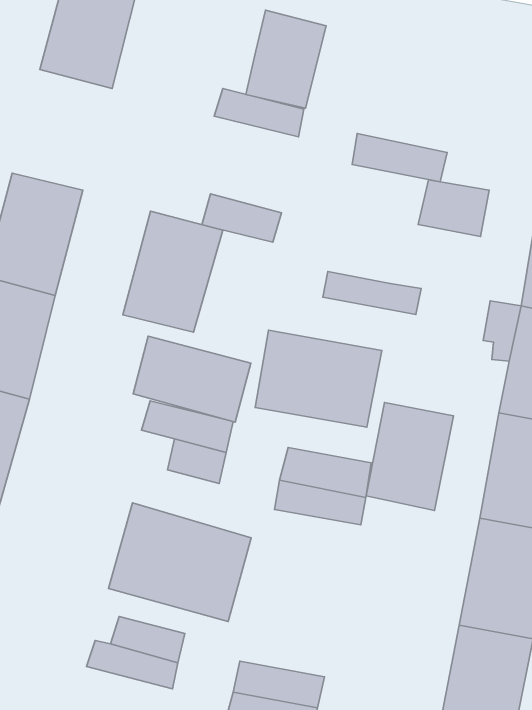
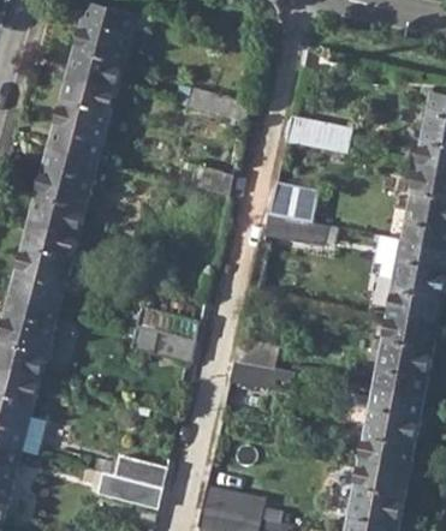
building: [246,10,326,108] -> none
building: [418,180,489,237] -> [266,184,315,223]
building: [123,211,223,332] -> [46,74,115,159]
building: [255,330,382,427] -> none
building: [133,336,251,422] -> none
building: [366,403,453,511] -> none
building: [108,503,251,622] -> none

